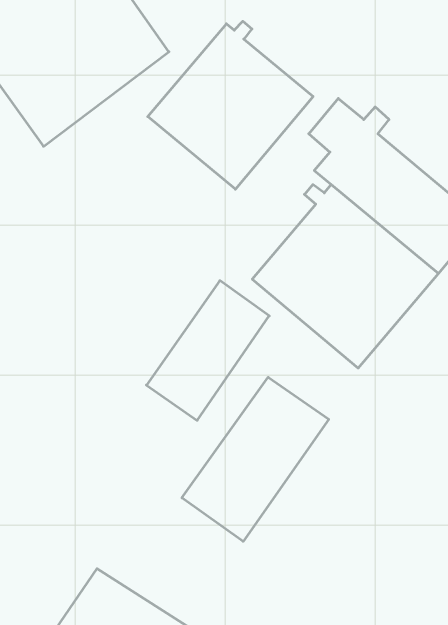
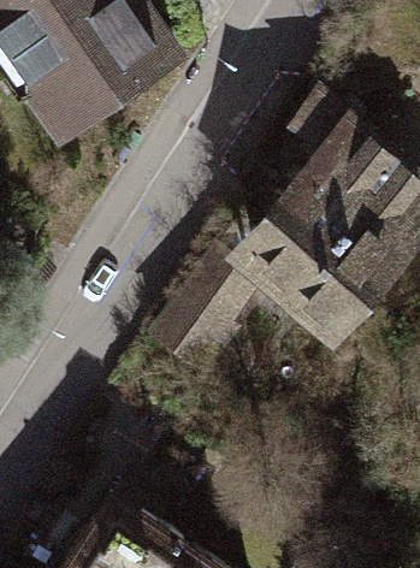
building: [148,21,313,189] -> none
building: [182,377,329,541] -> none

